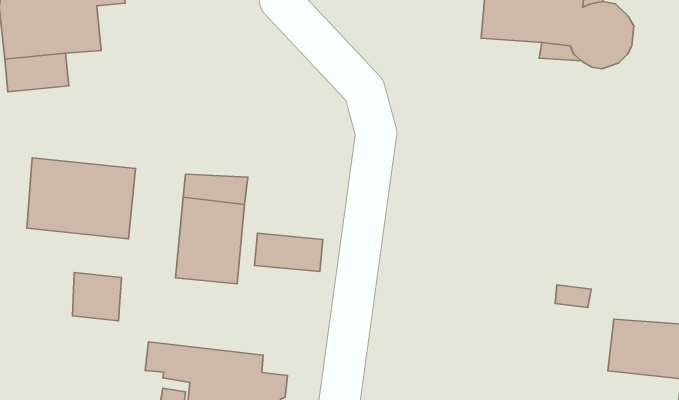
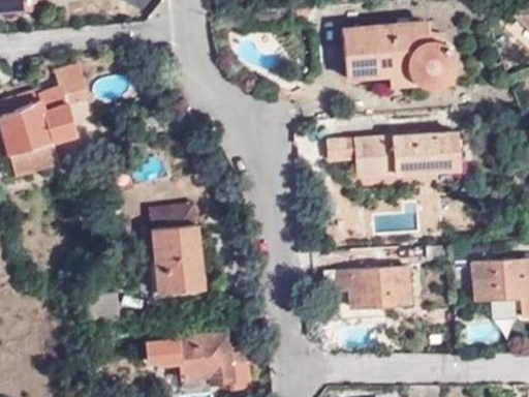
building: none -> [328,130,462,178]
building: [27,158,136,239] -> none
building: [254,233,323,272] -> none
building: none -> [324,268,411,308]

